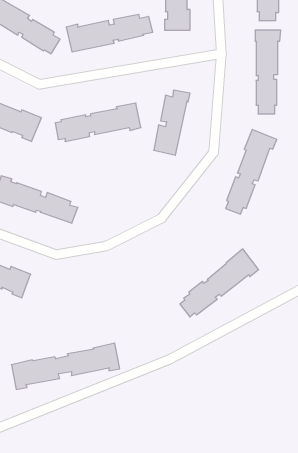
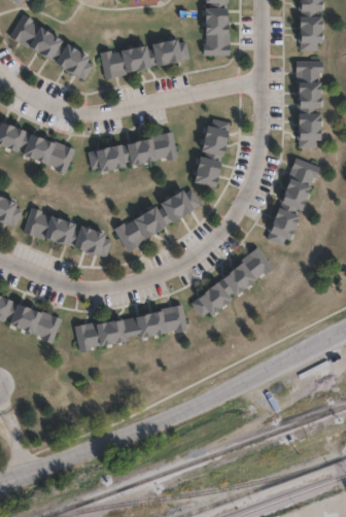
building: none -> [114,189,201,252]
building: [180,249,259,317] -> [193,247,275,318]
building: [11,343,120,389] -> [75,305,188,353]

